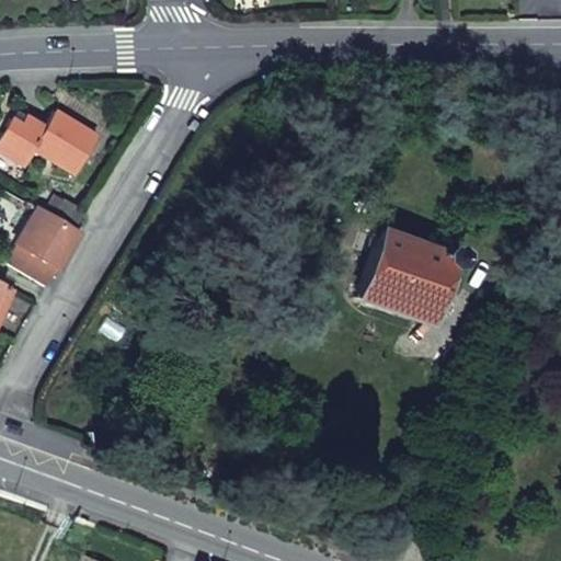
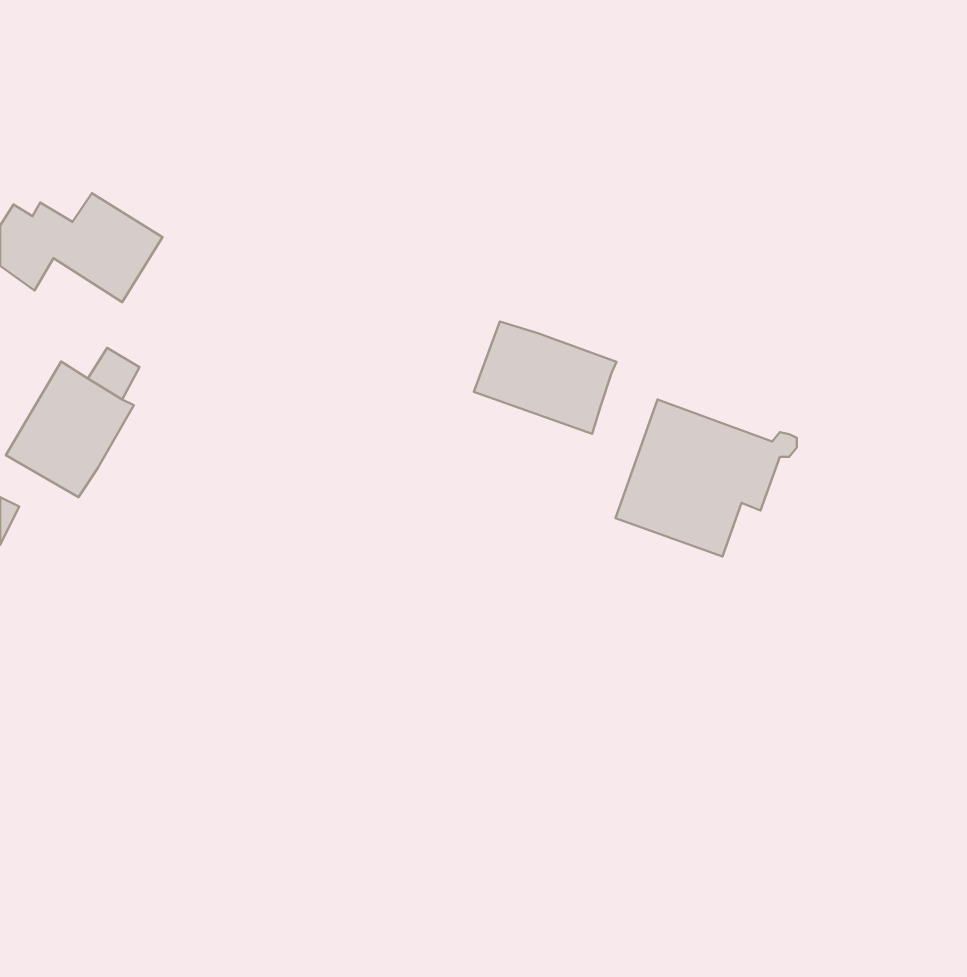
building: none -> [474,321,617,434]

